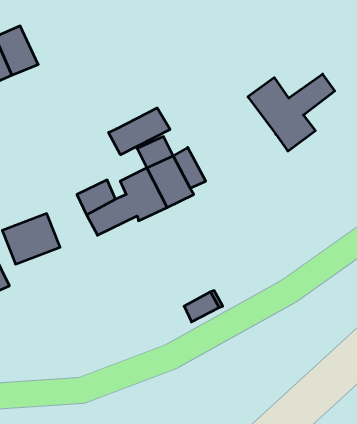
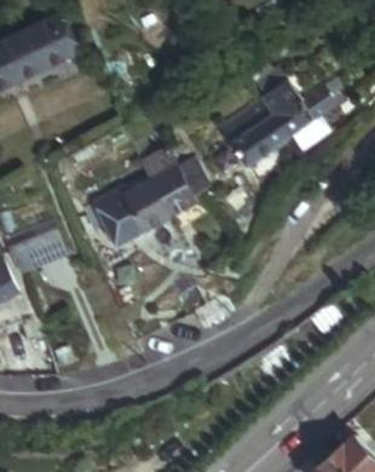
building: none -> [27,18,73,69]
building: none -> [218,102,283,167]
building: [109,108,170,155] -> none

